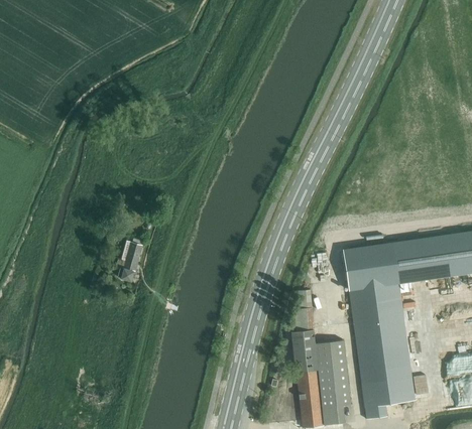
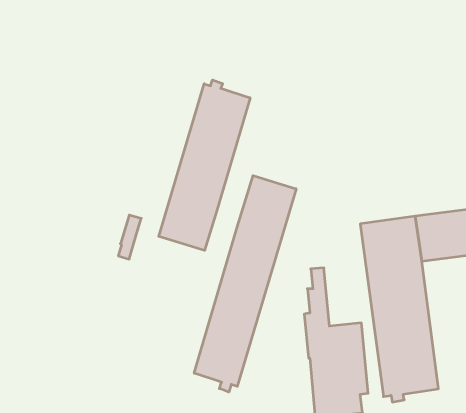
building: none -> [159,80,250,250]
building: none -> [194,176,296,392]

